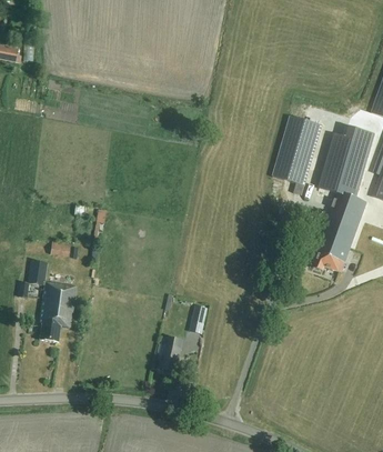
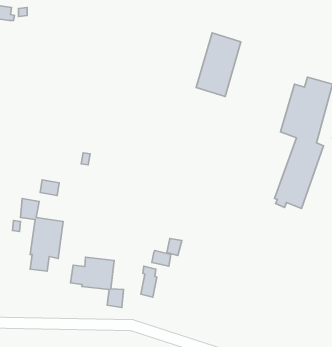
building: [272,115,322,187] -> [196,33,241,97]
building: none -> [70,257,124,307]

